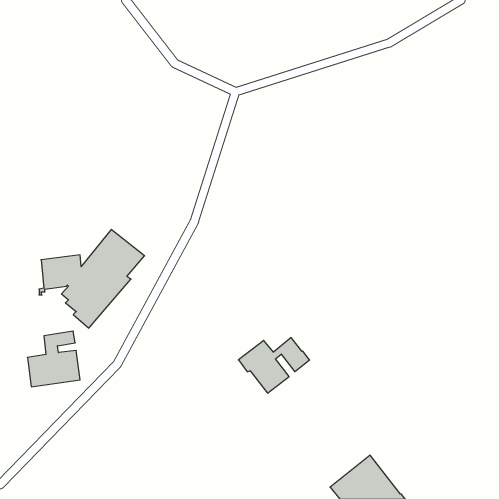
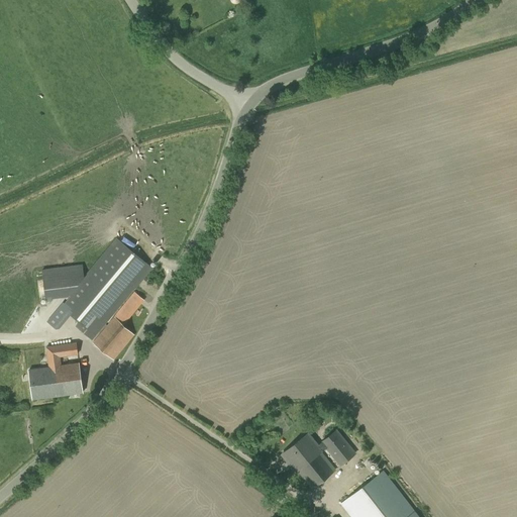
building: none -> [92,292,144,359]
building: [238,338,310,393] -> [282,430,355,488]

